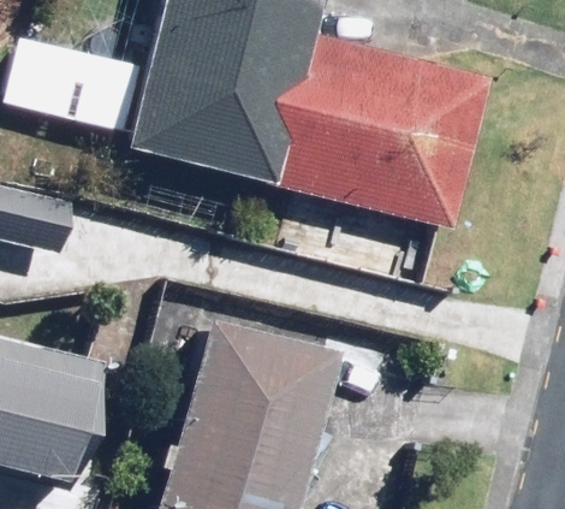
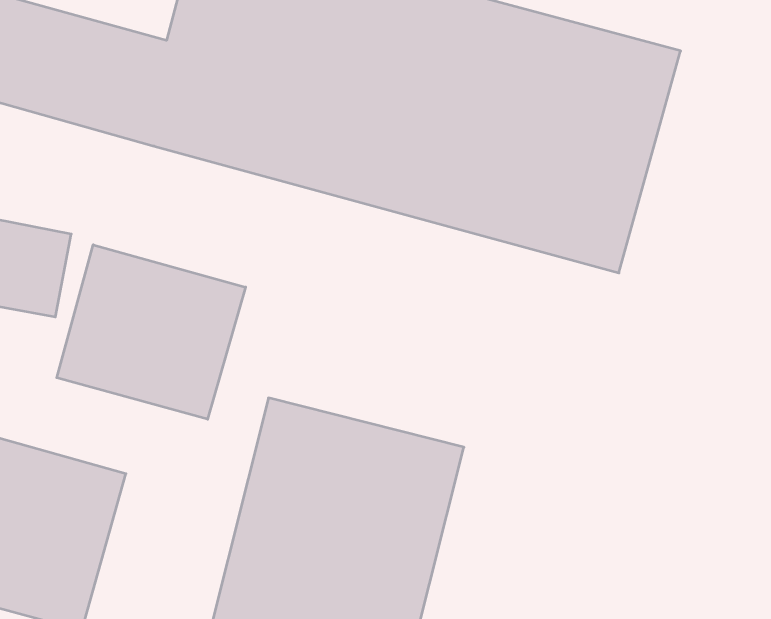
building: none -> [57,245,246,419]

